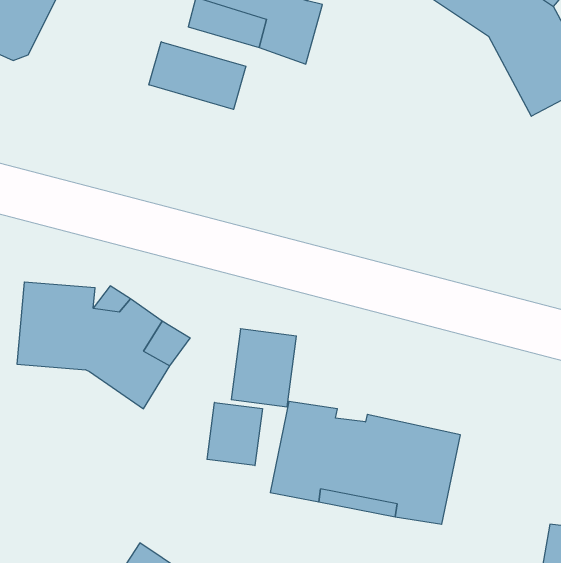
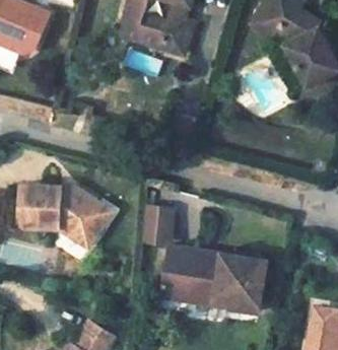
building: [149,42,246,109] -> none
building: [207,402,262,466] -> none

